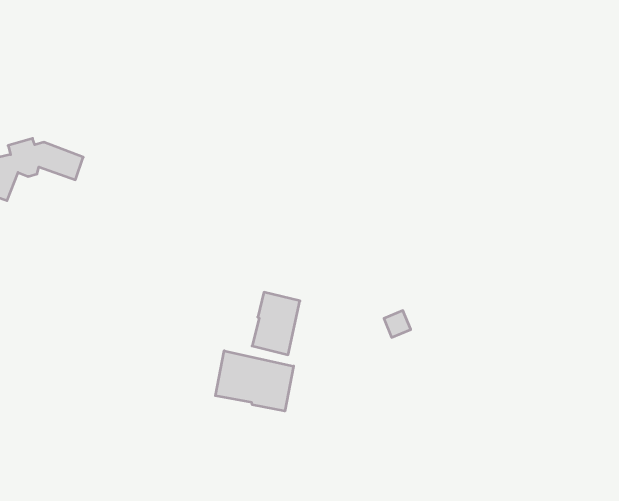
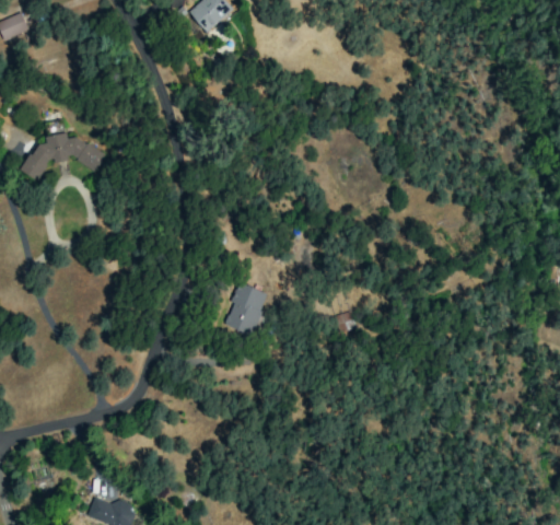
building: [215,351,294,411] -> none

